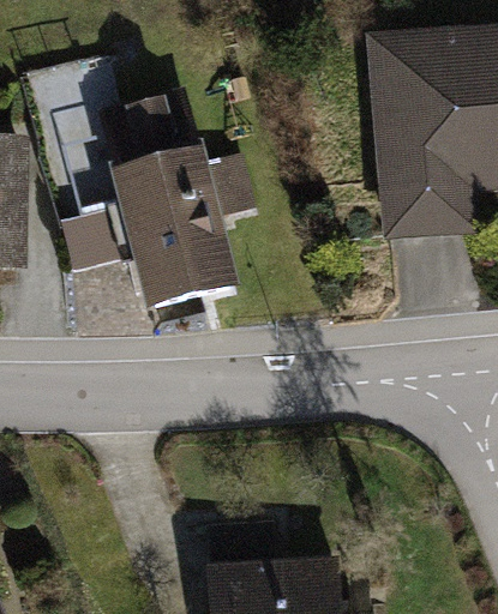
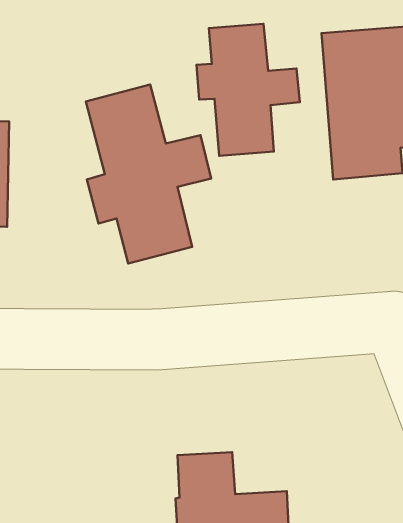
building: none -> [196,24,300,156]

